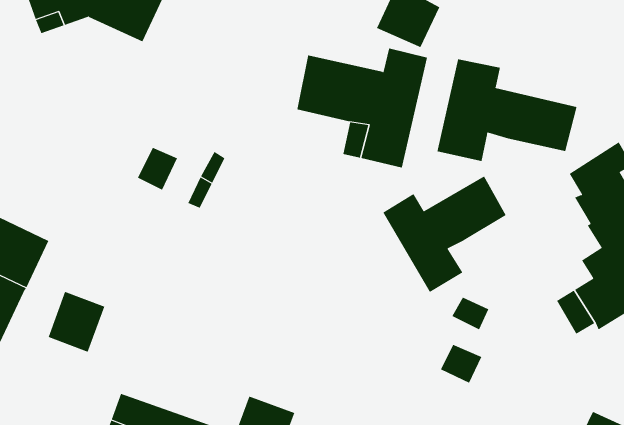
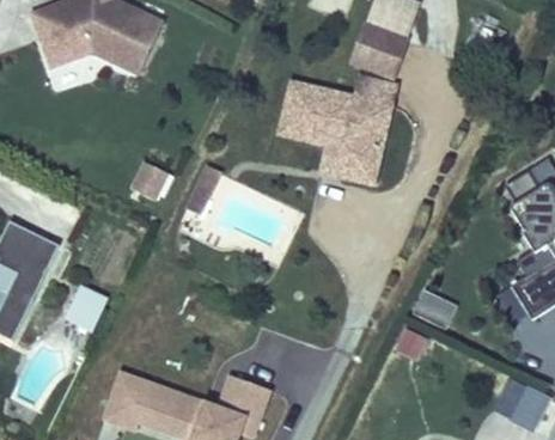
building: [437,58,577,162] -> none
building: [383,176,507,293] -> none

